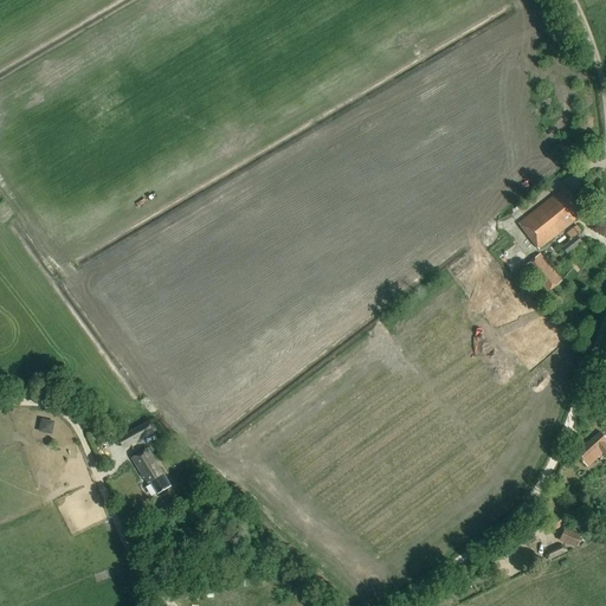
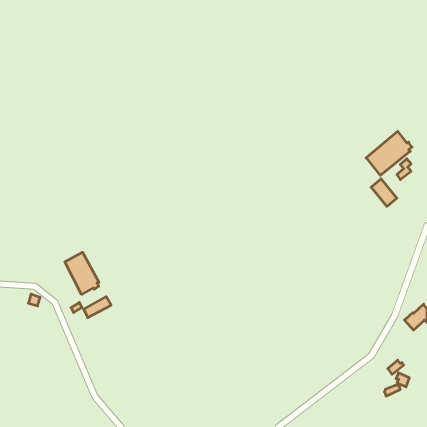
building: none -> [65,252,99,294]
building: [133,447,172,494] -> none

